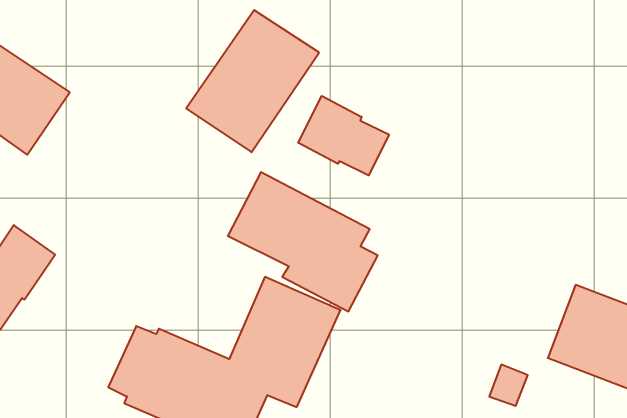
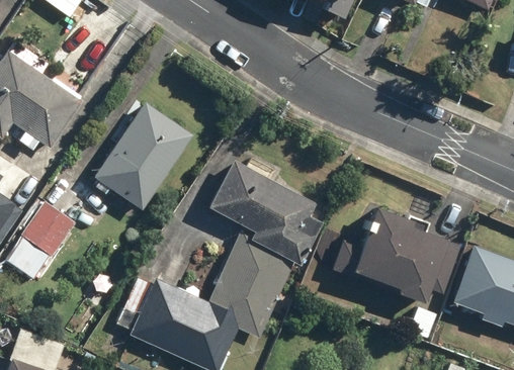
building: [186,10,319,152] -> [92,101,193,209]
building: [298,96,389,175] -> none
building: none -> [330,206,460,302]

